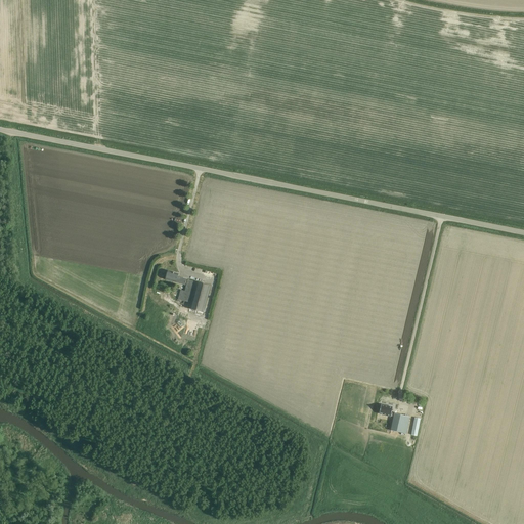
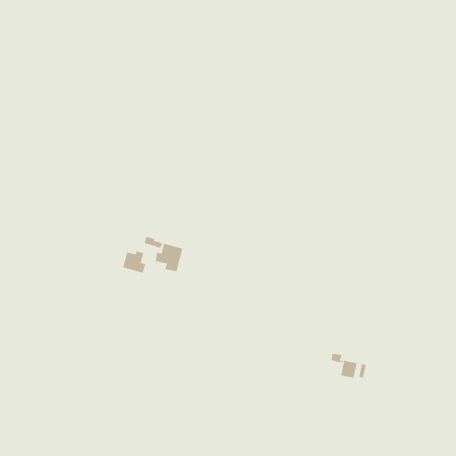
building: none -> [123,250,146,273]

